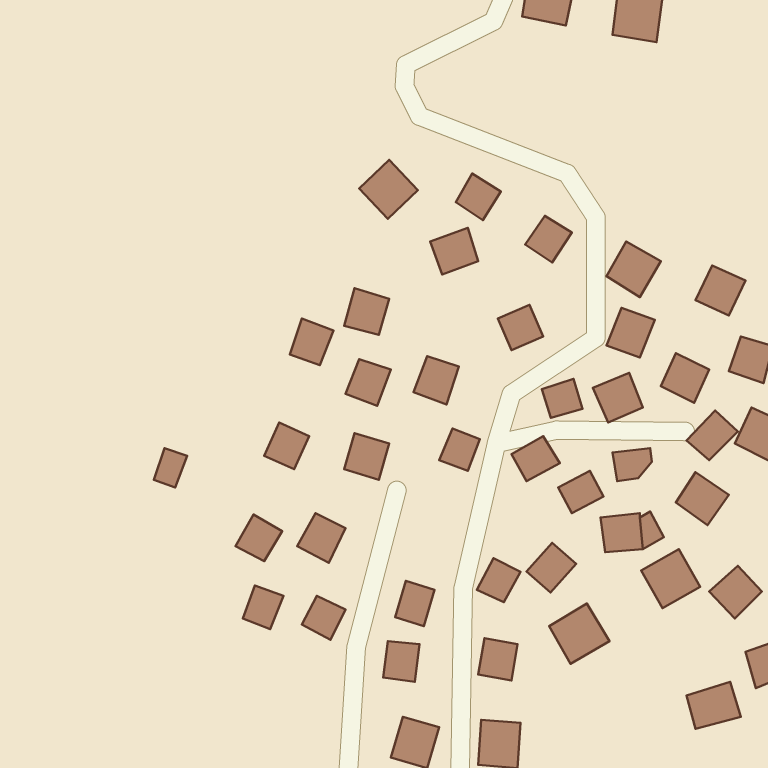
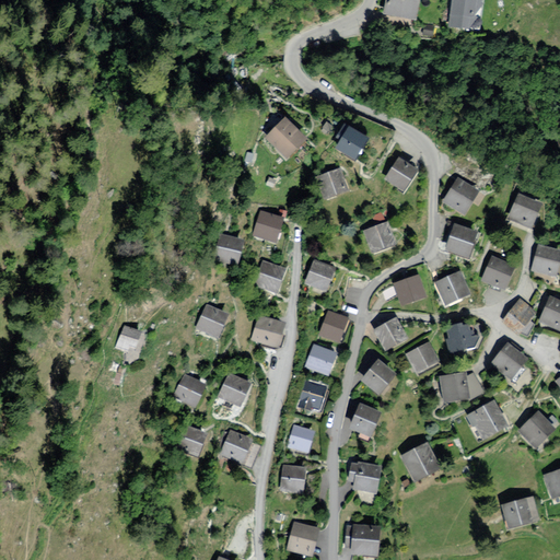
building: none -> [310,345,338,373]
building: none -> [300,378,329,409]
building: [526,543,576,592] -> [359,358,395,394]

